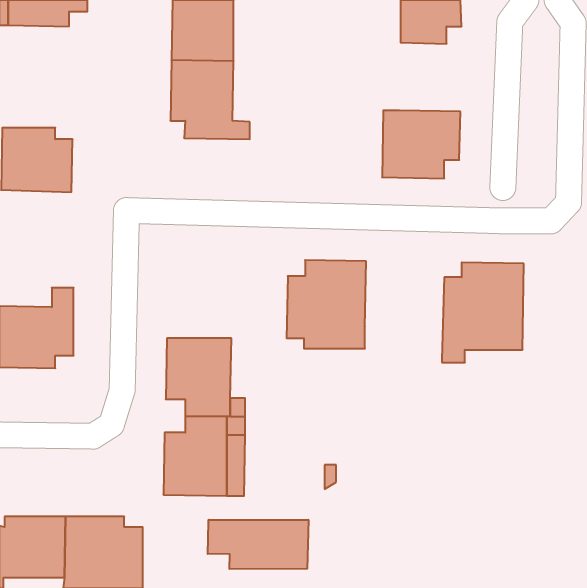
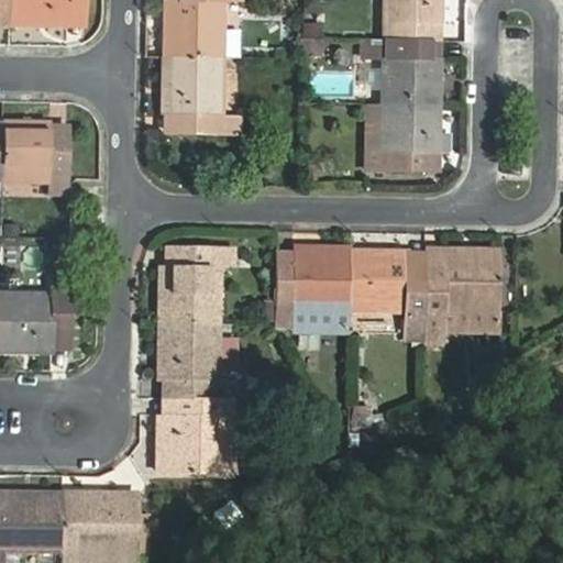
building: none -> [361,41,440,107]
building: none -> [159,249,236,323]
building: none -> [349,250,424,343]
building: [208,520,308,569] -> none

